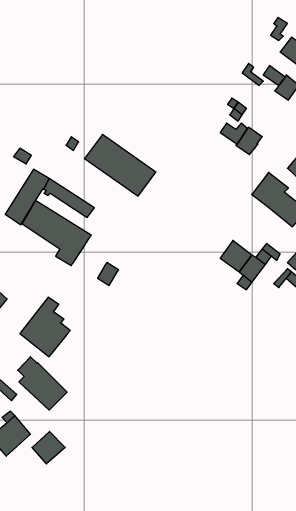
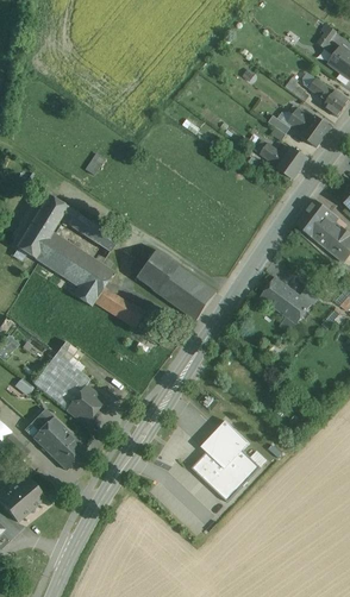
building: none -> [287,107,331,146]
building: [85,134,156,196] -> [135,249,215,319]
building: none -> [93,287,129,319]
building: none -> [65,384,104,423]
building: none -> [190,420,261,501]
building: [32,431,65,464] -> none

